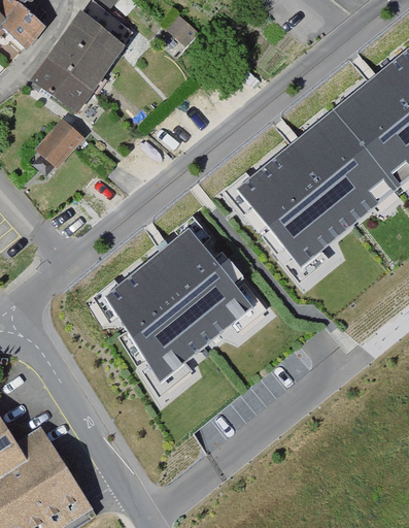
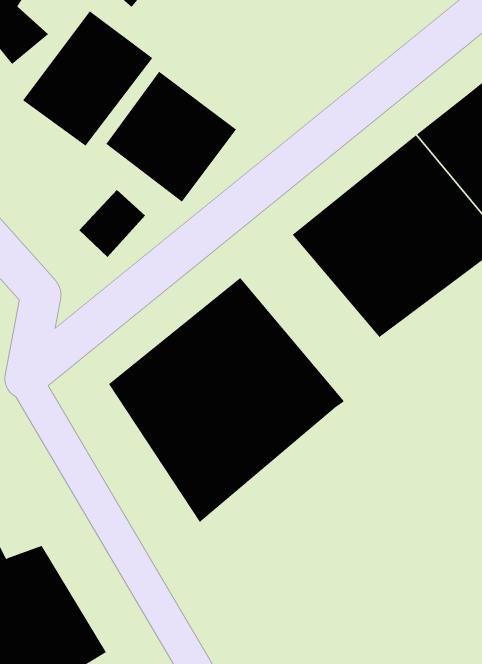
building: none -> [105,71,237,202]
building: [31,118,83,171] -> [78,189,146,258]

